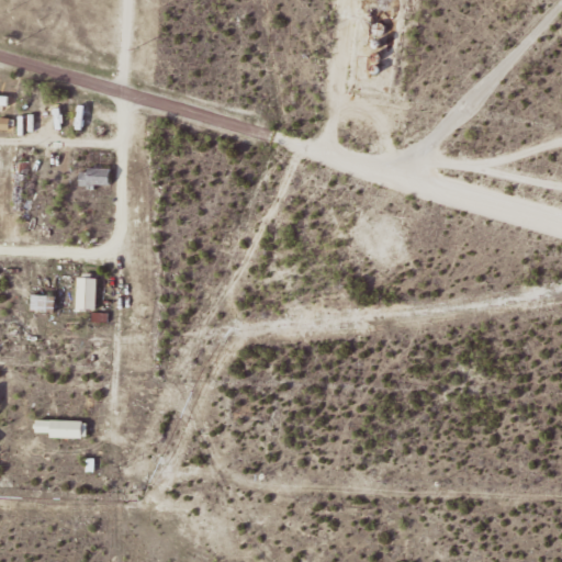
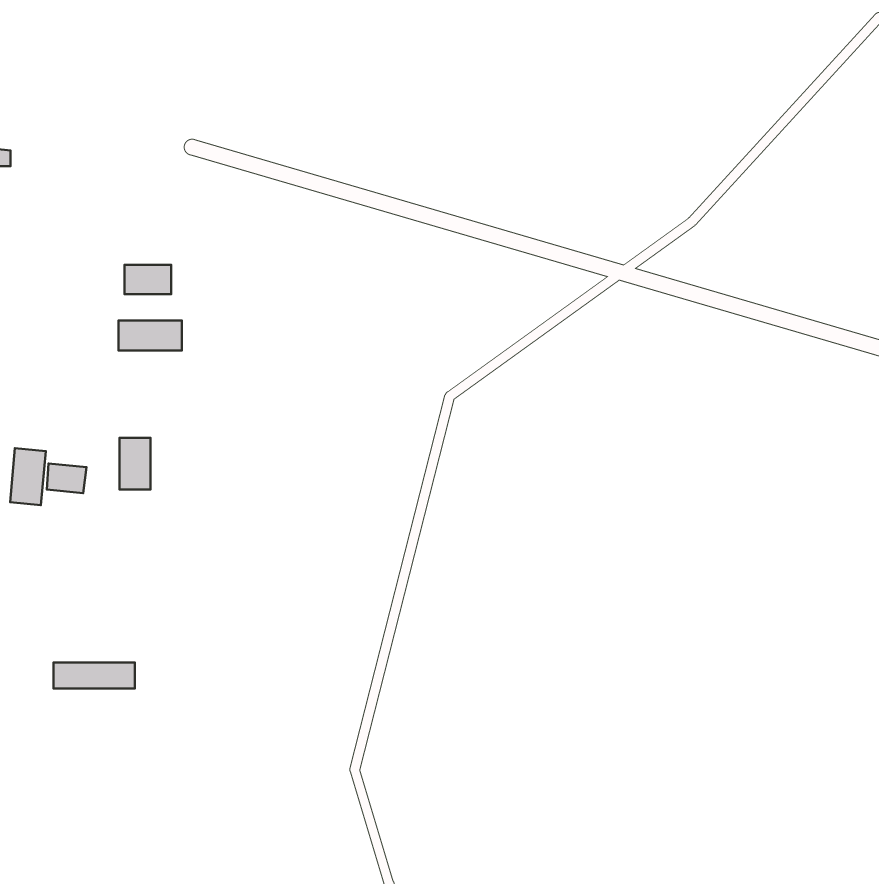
building: none -> [119,320,182,351]
building: none -> [10,448,46,505]

